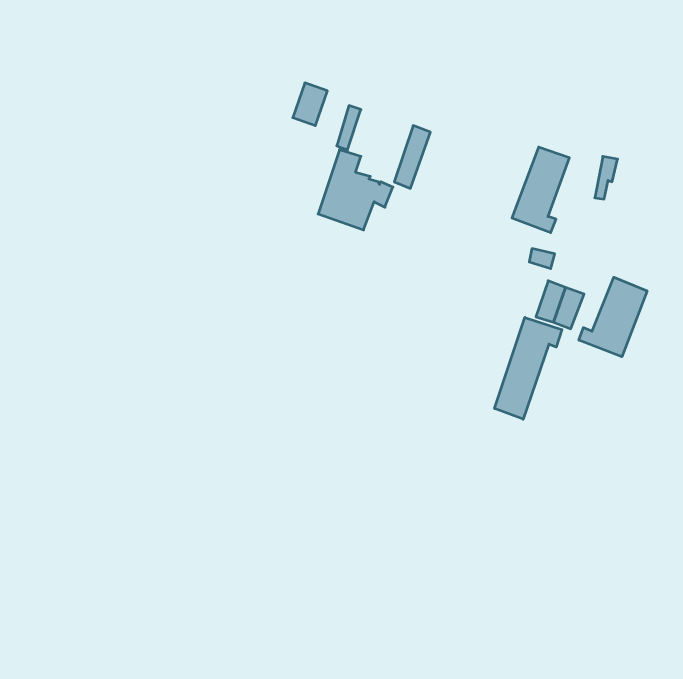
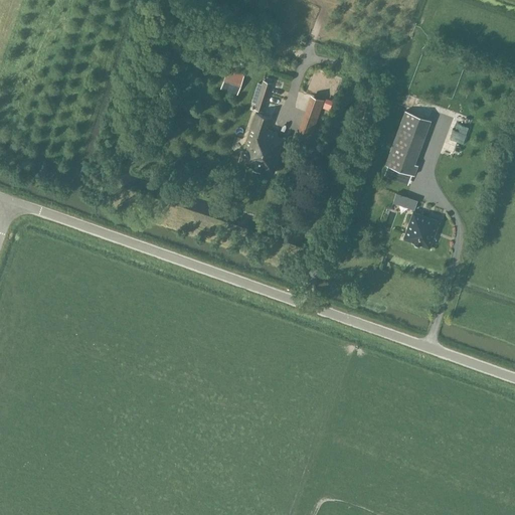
building: [579,277,647,357] -> none
building: [495,317,562,419] -> none

